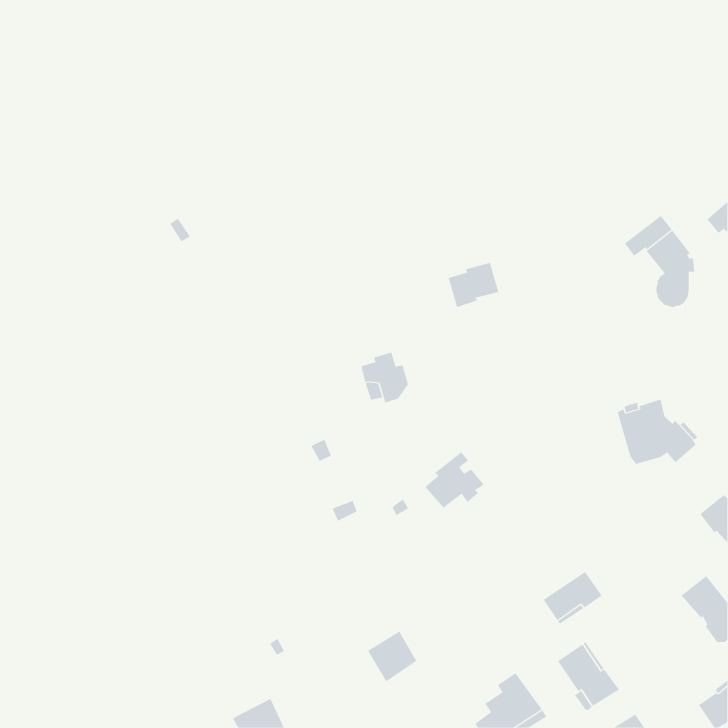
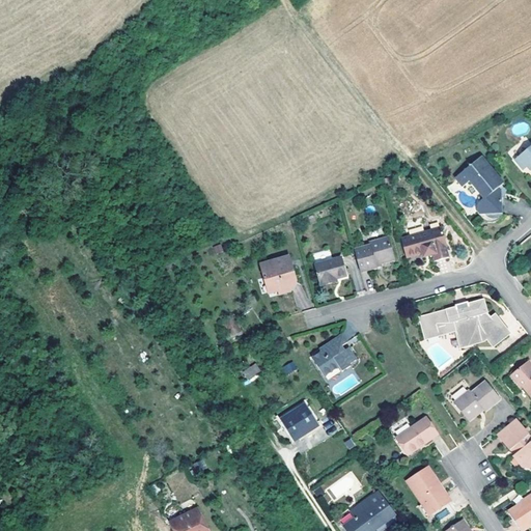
building: [448,262,499,308] -> [355,237,392,271]
building: none -> [400,224,449,259]
building: none -> [316,256,347,284]
building: none -> [418,300,463,339]
building: none -> [454,383,500,422]
building: [367,631,417,682] -> [283,404,319,442]

